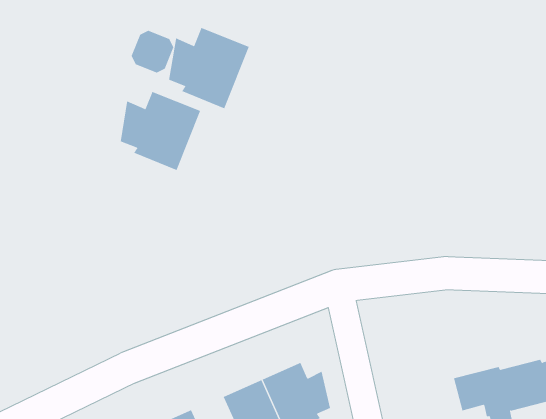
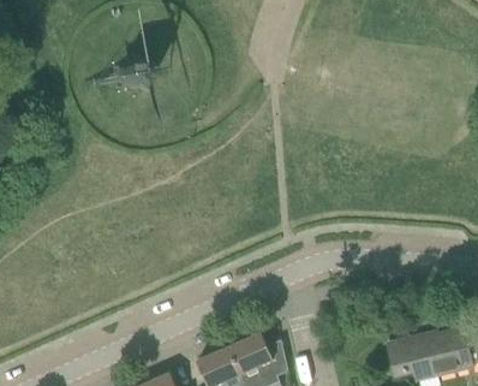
building: [168,27,250,109] -> none
building: [120,91,201,171] -> none

